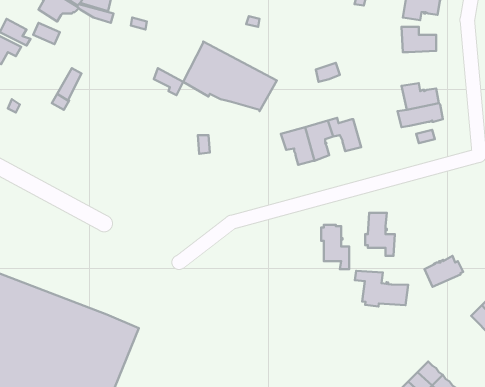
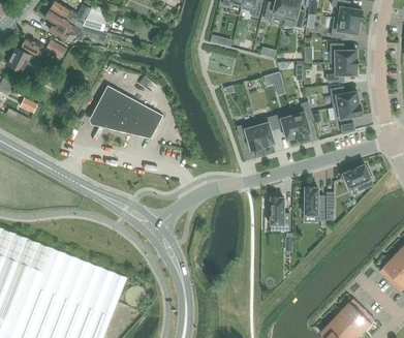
building: [183,42,277,111] -> [91,86,163,140]
building: none -> [327,63,356,83]
building: none -> [290,102,312,137]
building: [424,256,463,287] -> [342,164,372,188]
building: [355,271,408,307] -> none

